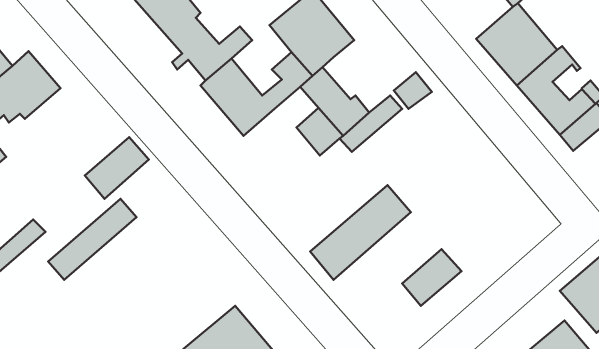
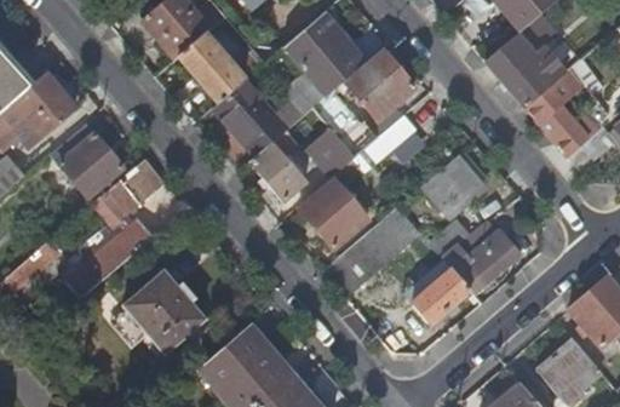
building: none -> [345,48,415,117]
building: none -> [51,124,122,197]
building: none -> [249,130,304,200]
building: none -> [430,155,483,210]
building: none -> [299,179,360,248]
building: none -> [431,219,521,293]
building: none -> [124,270,203,352]

